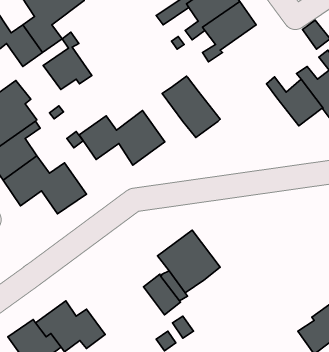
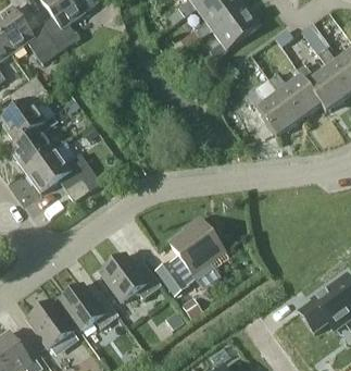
building: [43,32,92,90] -> none
building: [162,76,220,138] -> [246,78,300,136]
building: [79,111,165,165] -> none
building: none -> [101,253,161,300]

